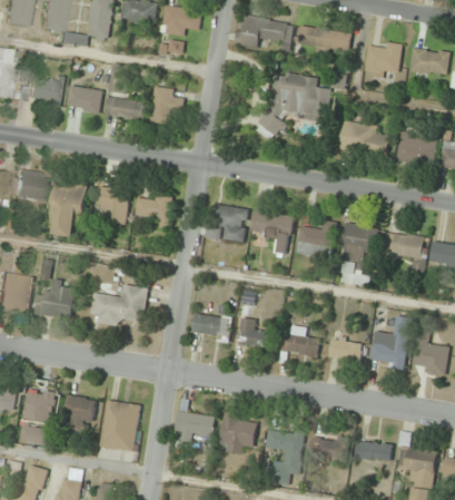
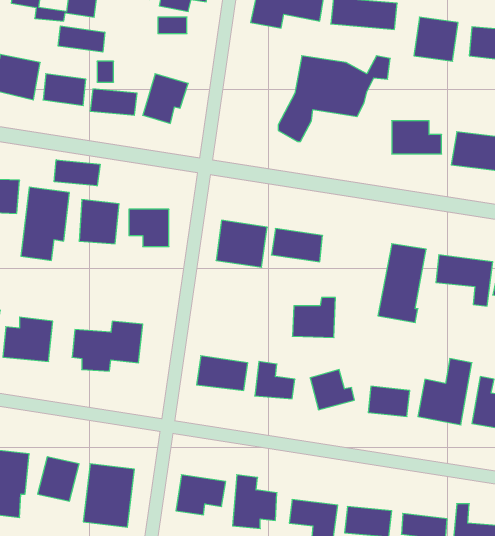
building: none -> [58,26,105,52]
building: none -> [54,160,100,186]
building: [300,223,335,255] -> [292,298,335,338]

